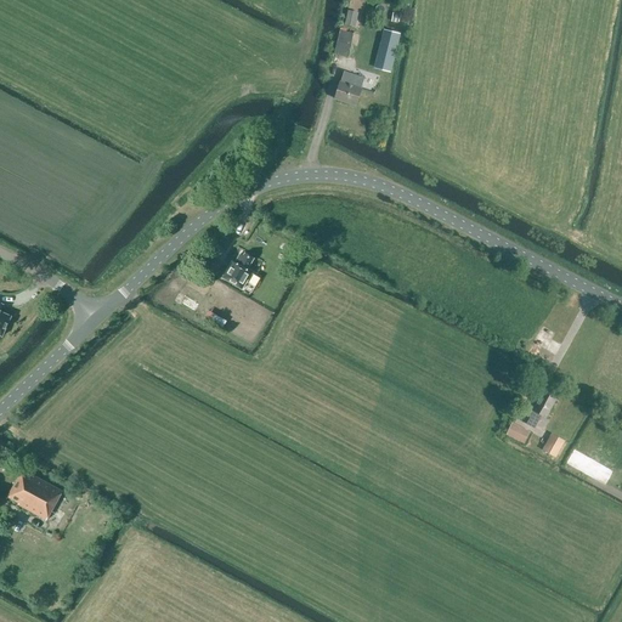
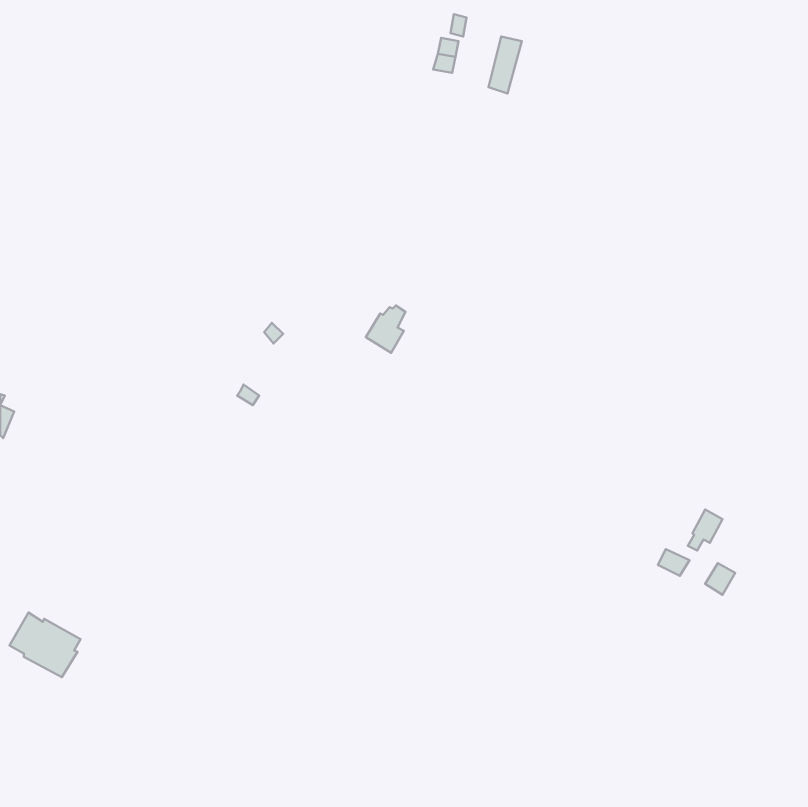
building: [334,72,361,104] -> none
building: [222,253,253,289] -> [366,305,405,353]

